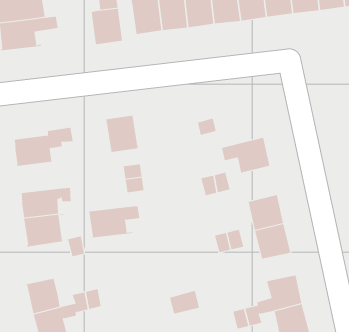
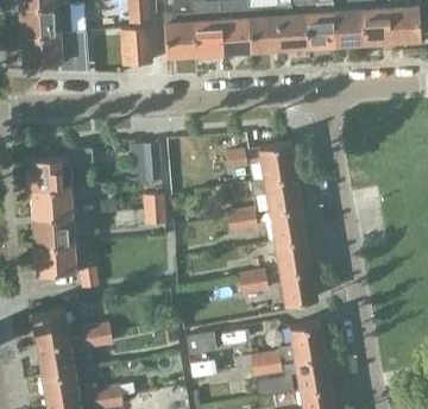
building: none -> [258,143,296,181]
building: none -> [269,206,307,243]
building: [87,206,140,238] -> [30,187,86,218]

